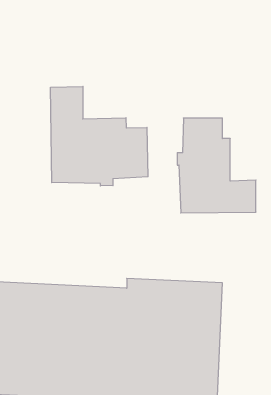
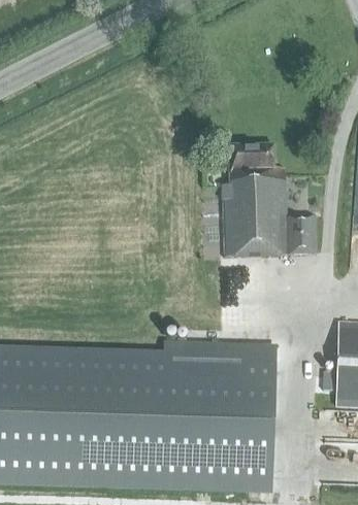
building: [51,86,148,186] -> none

